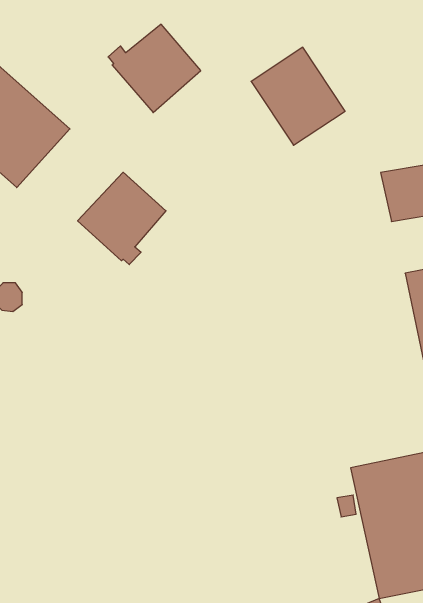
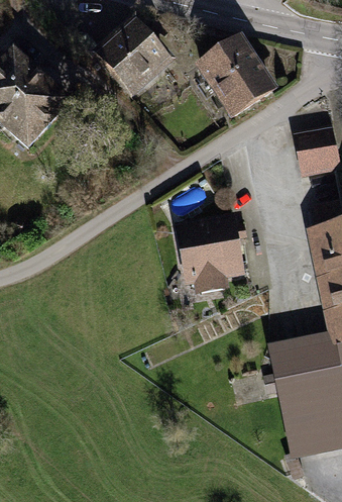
building: [78,172,166,265] -> none
building: none -> [179,221,241,280]

